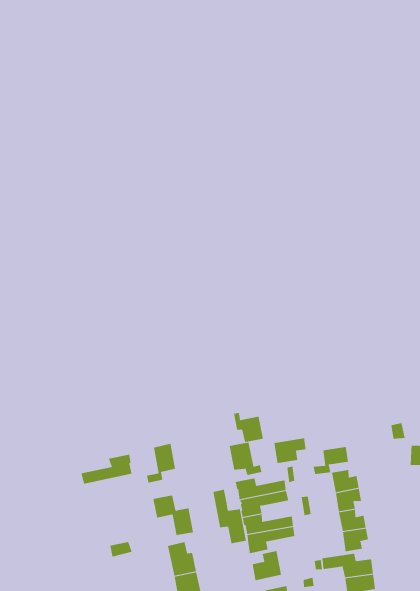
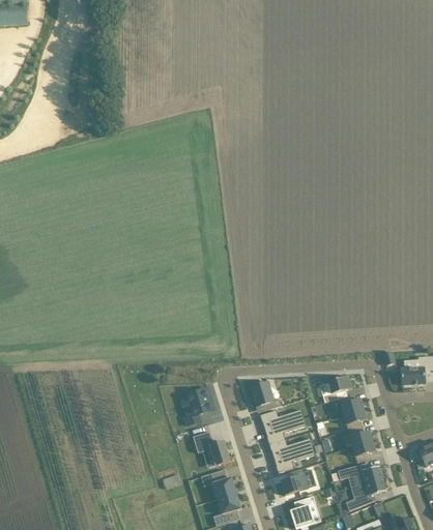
building: [233,412,263,443] -> none
building: [274,438,306,464] -> none
building: [81,454,132,485] -> none
building: [213,489,246,544] -> none

